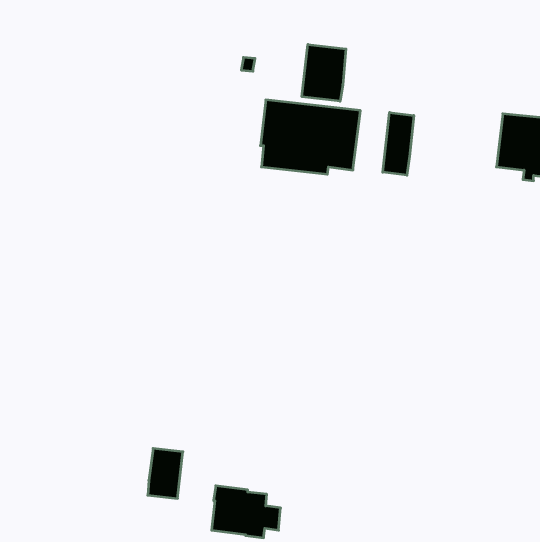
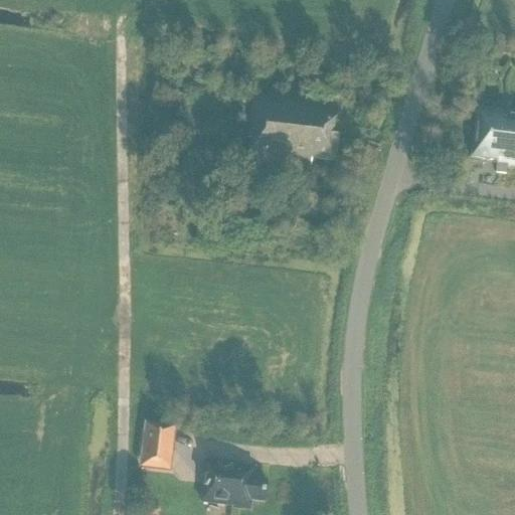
building: [302,44,346,101] -> none
building: [383,112,414,175] -> none

